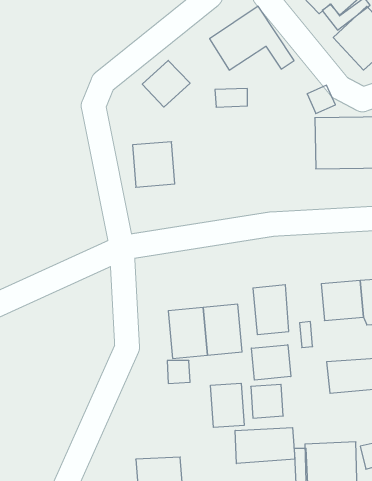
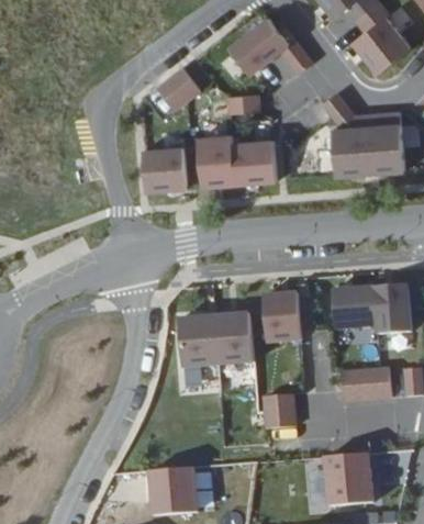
building: none -> [194,133,276,186]
building: [251,345,291,380] -> none
building: [211,383,244,427] -> none
building: [235,428,295,464] -> none

